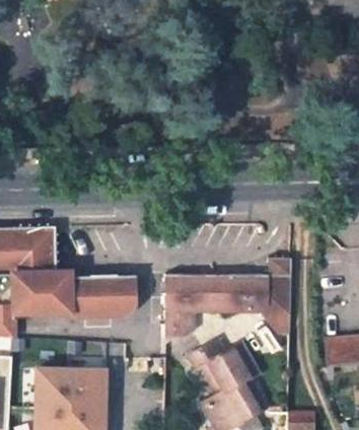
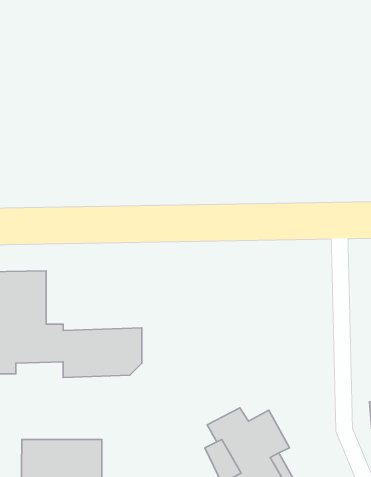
building: [166,261,292,336] -> none

